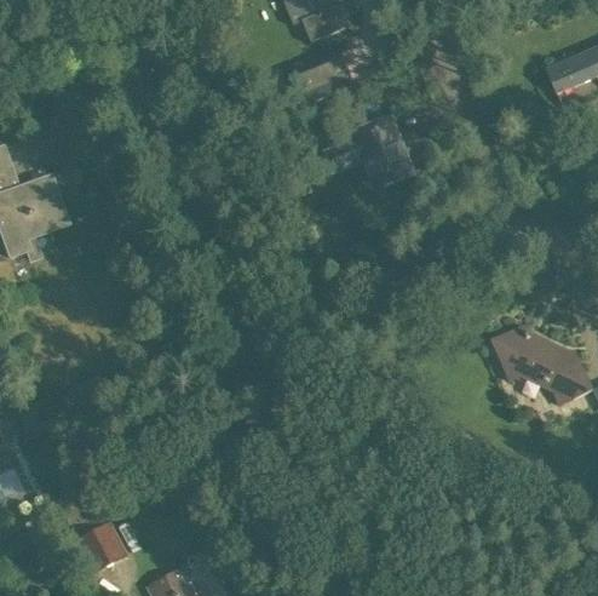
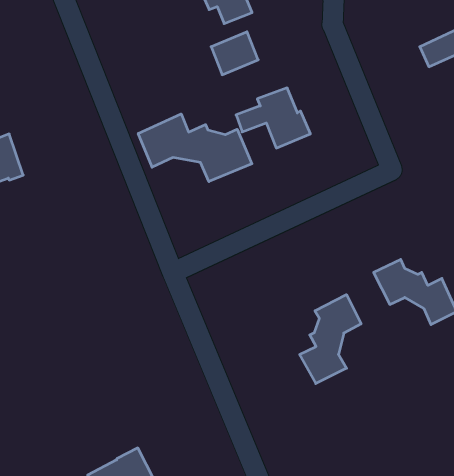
building: none -> [138,114,252,182]
building: none -> [300,295,361,384]
building: [75,523,126,573] -> none

